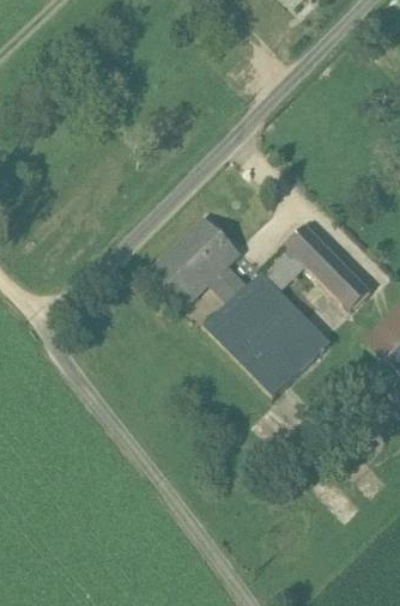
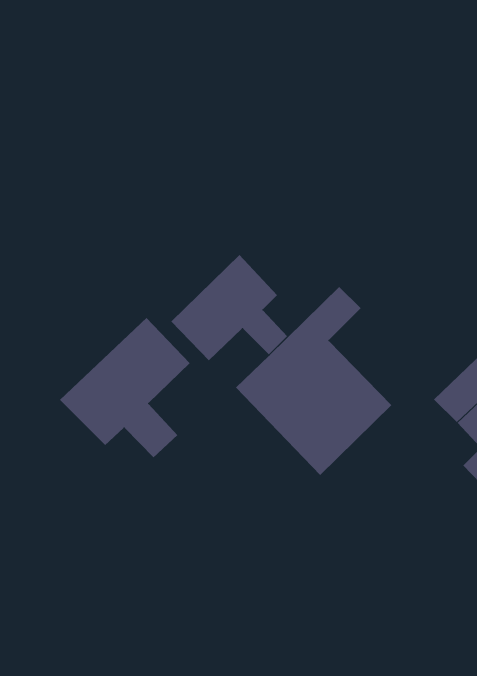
building: [285,224,369,308] -> none
building: none -> [59,317,191,458]

